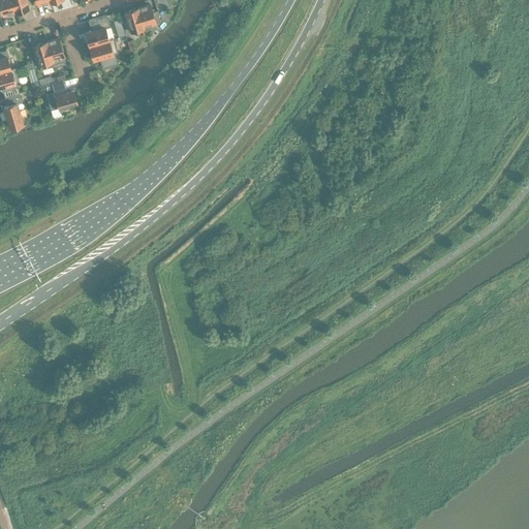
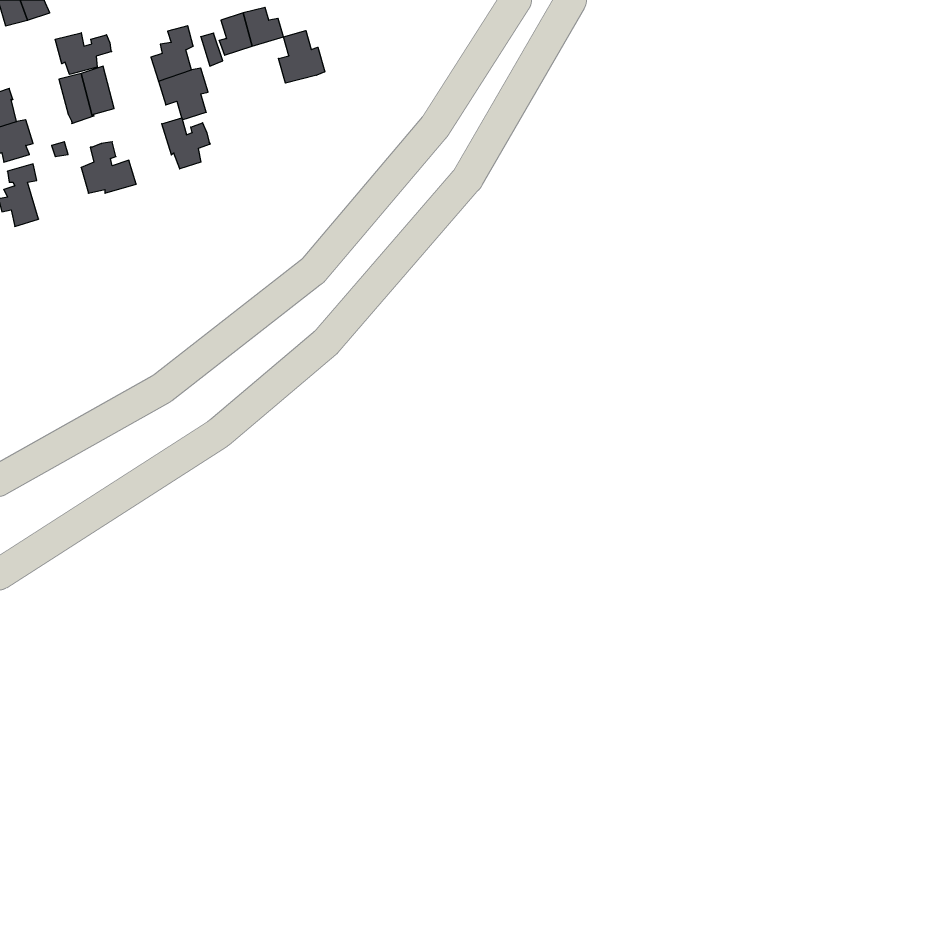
building: none -> [278,31,325,83]
building: none -> [55,33,112,74]
building: none -> [162,118,210,169]

